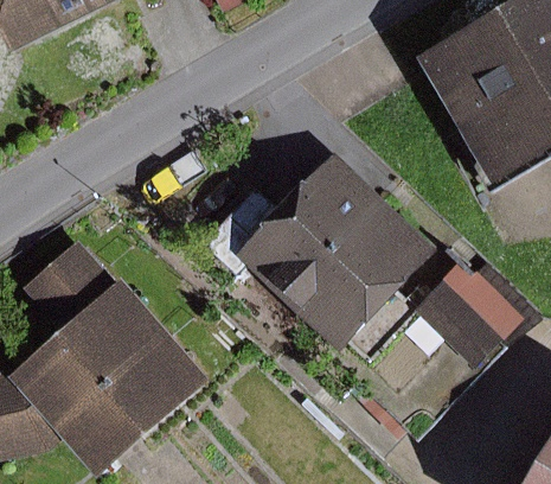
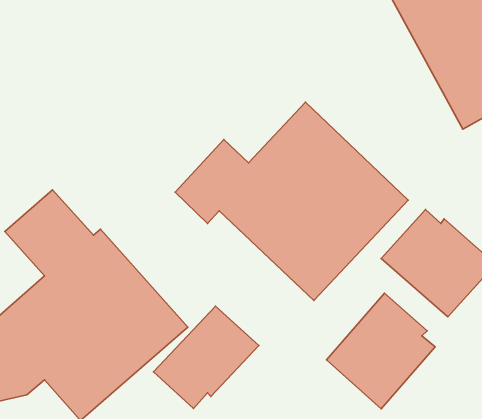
building: none -> [327,293,435,409]
building: none -> [153,306,259,408]

